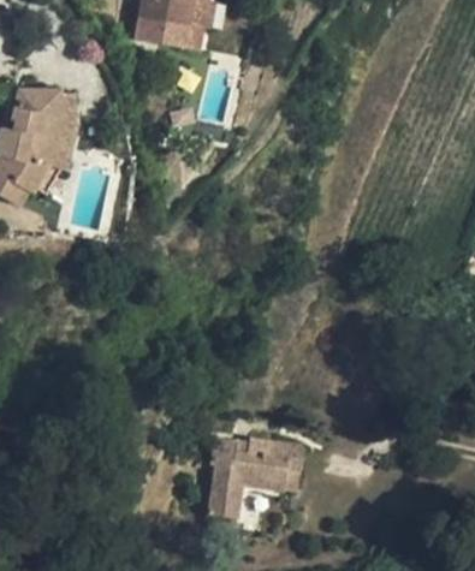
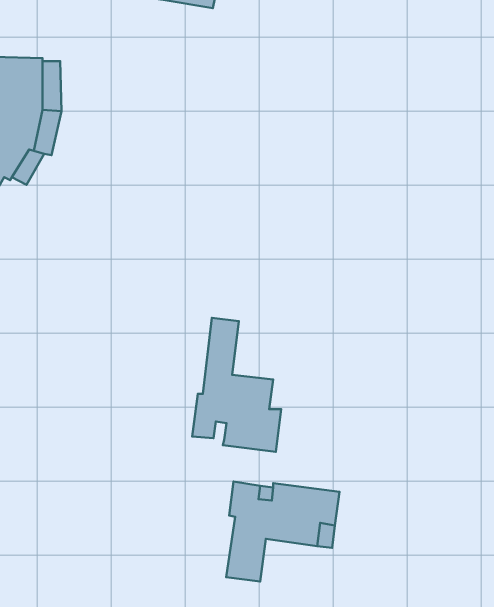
building: none -> [192,318,281,452]

